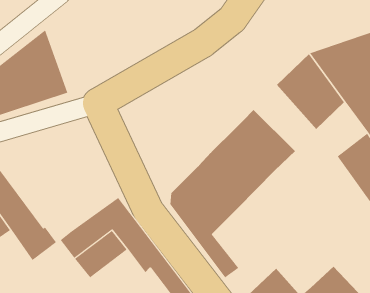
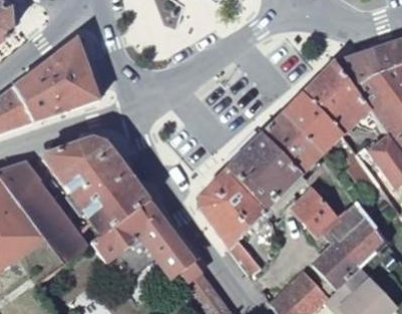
building: none -> [281,92,342,158]
building: none -> [43,139,148,236]
building: none -> [290,189,388,291]

